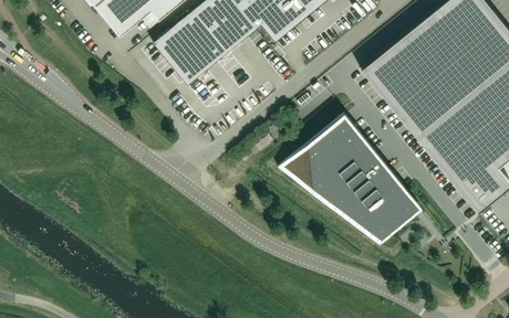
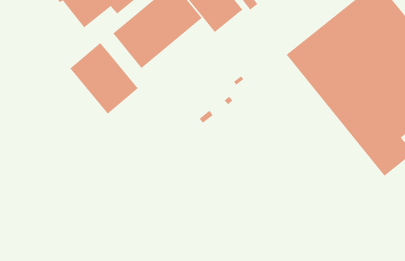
building: none -> [69,42,139,115]
building: [282,116,408,241] -> none

